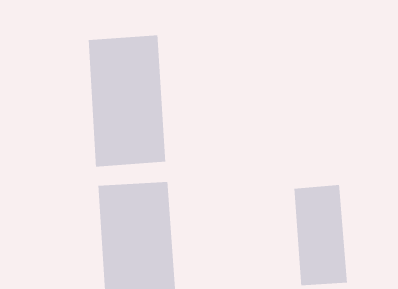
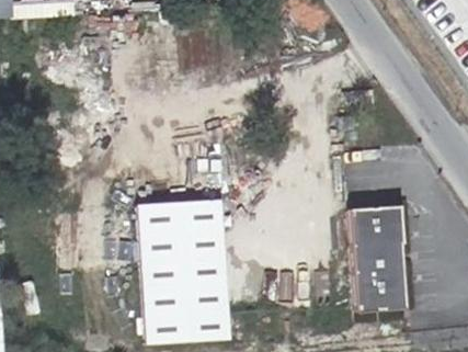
building: [88,35,166,167] -> none

